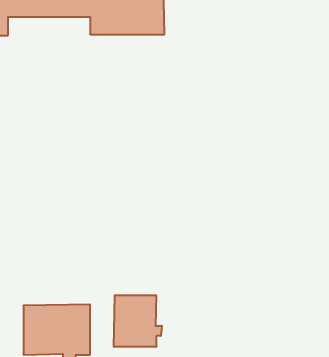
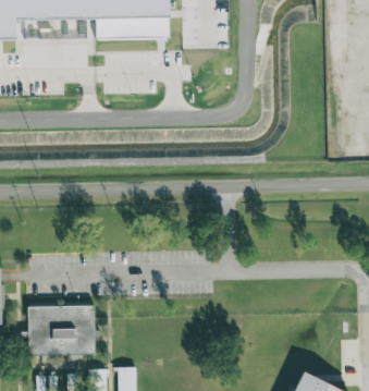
building: [114,295,162,347] -> none

